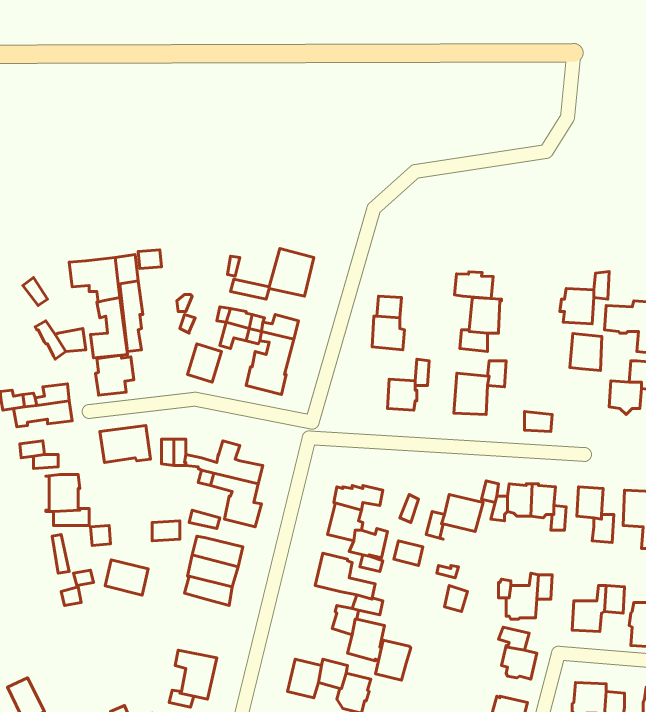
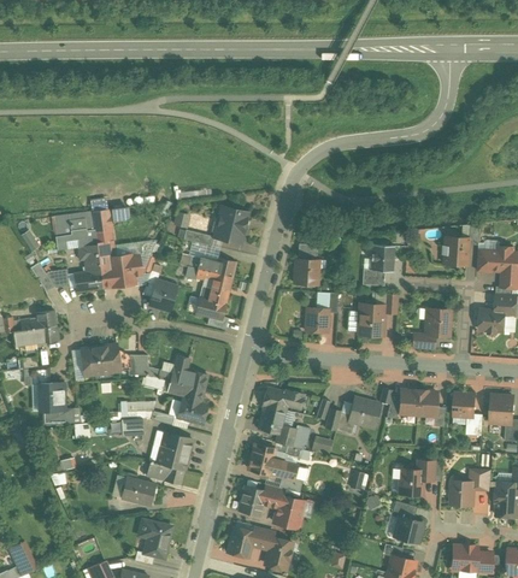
building: [455,272,493,299] -> none
building: [570,334,602,370] -> [425,308,451,337]
building: [95,355,134,395] -> [111,255,141,287]
building: [105,560,148,595] -> [122,478,155,506]
building: [375,640,411,680] -> [239,485,266,517]

